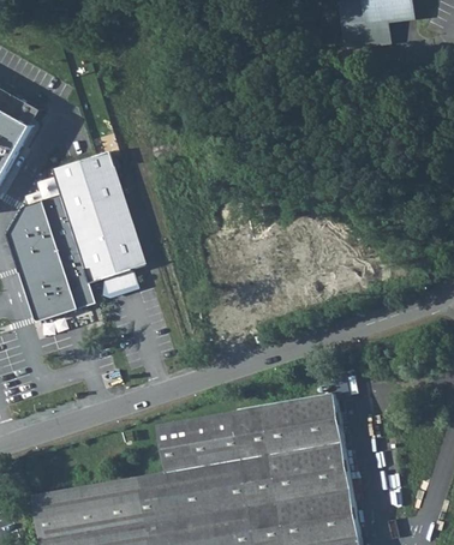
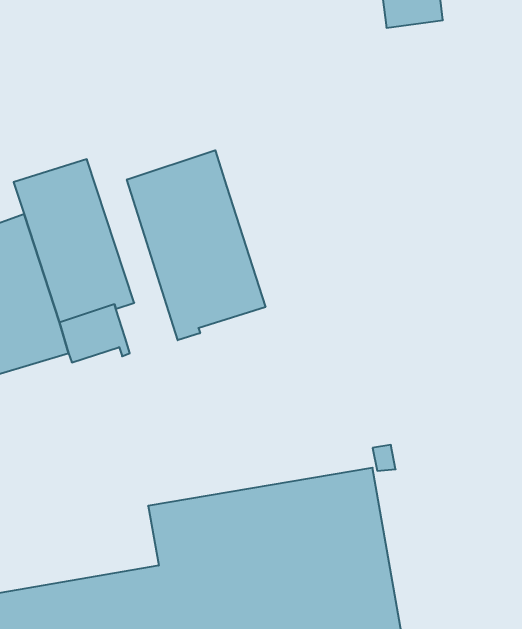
building: none -> [127,150,265,340]

